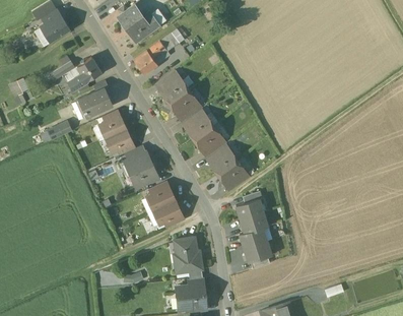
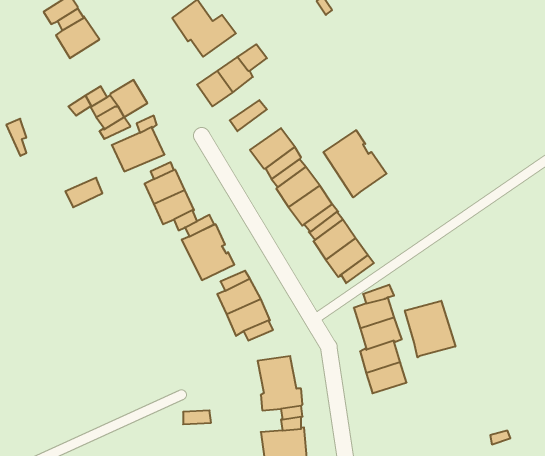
building: [159,76,188,103] -> none
building: none -> [323,130,387,197]
building: none -> [405,301,455,357]

